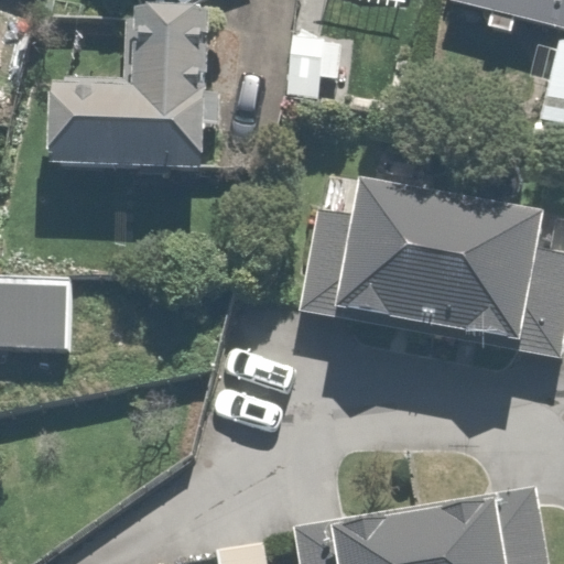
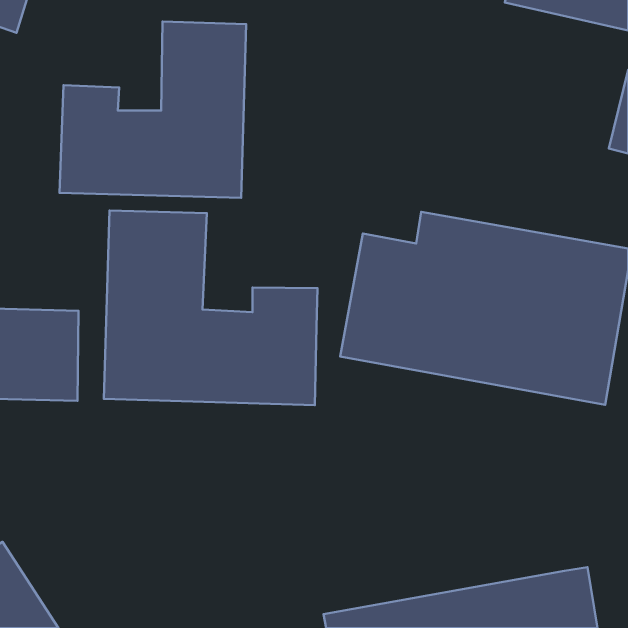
building: none -> [104,210,317,405]

